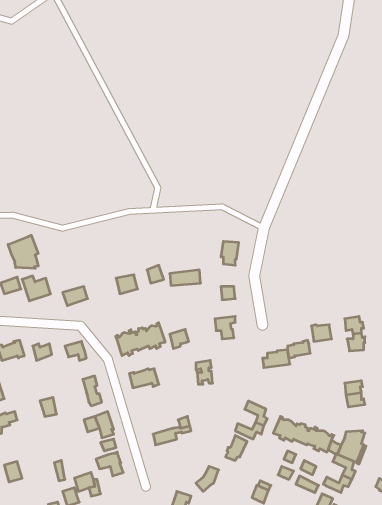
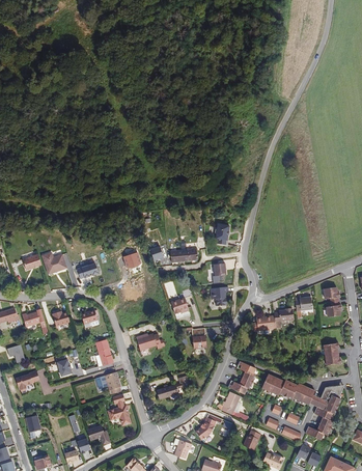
building: [8,235,38,268] -> none
building: [116,323,165,356] -> none

